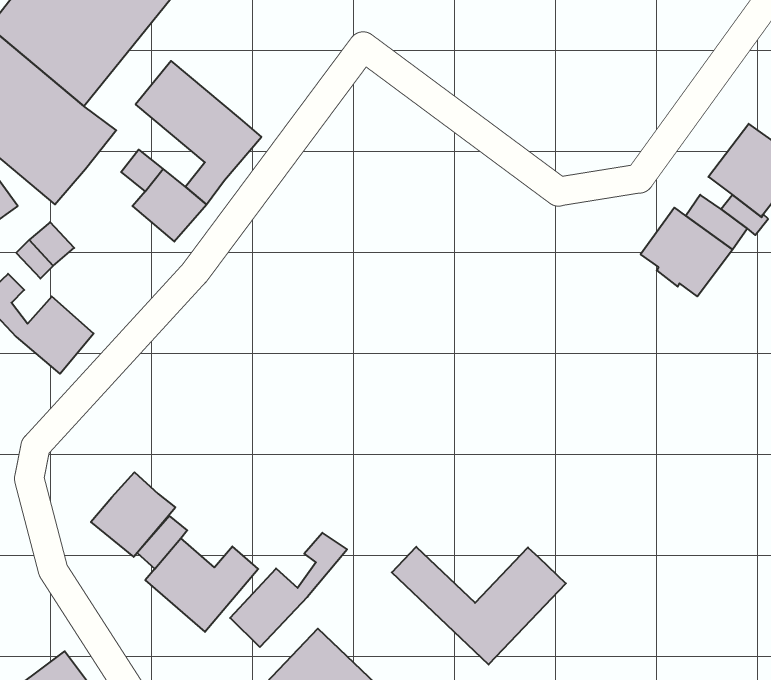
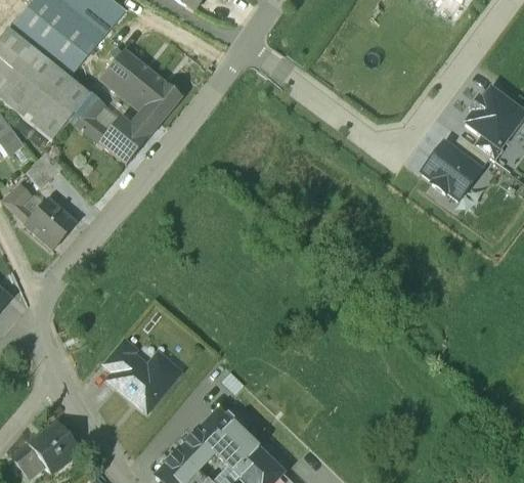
building: none -> [71,93,108,141]
building: [91,472,175,557] -> none
building: [230,533,347,647] -> none
building: [392,547,566,665] -> none

